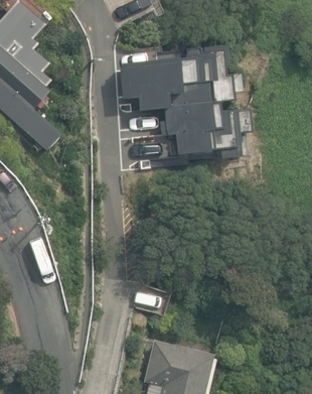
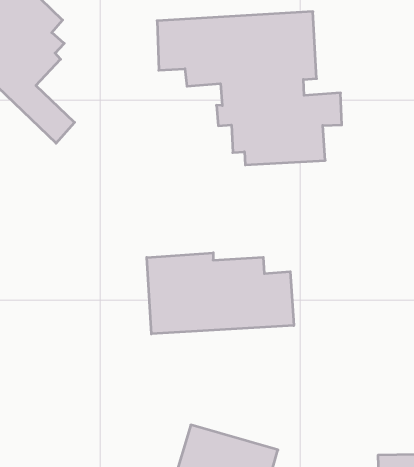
building: none -> [147,253,294,334]

